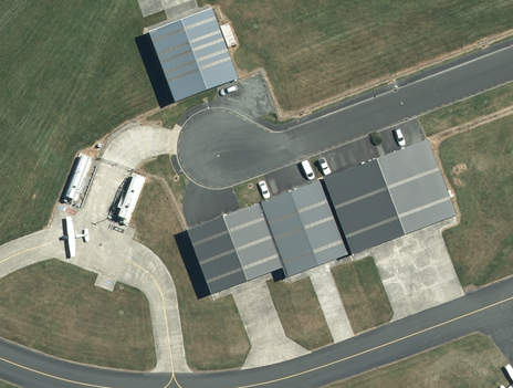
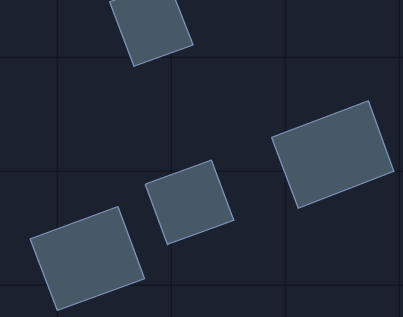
building: [260,178,349,276] -> none
building: none -> [30,207,145,310]

